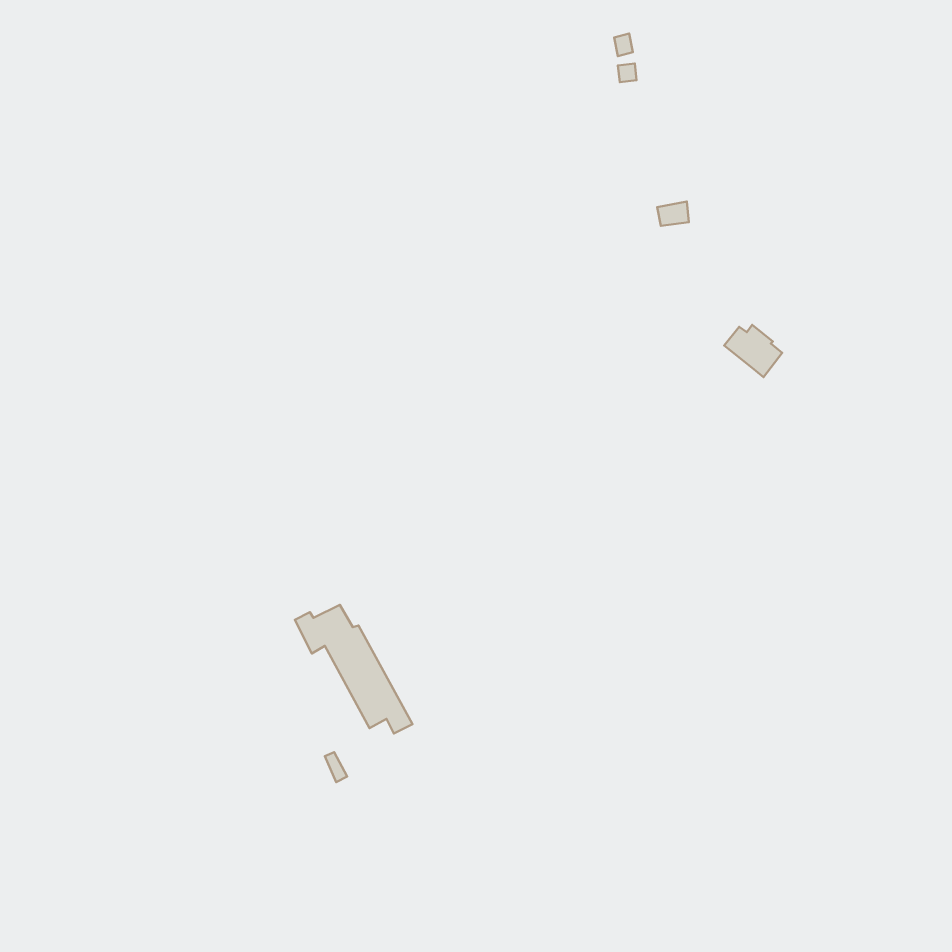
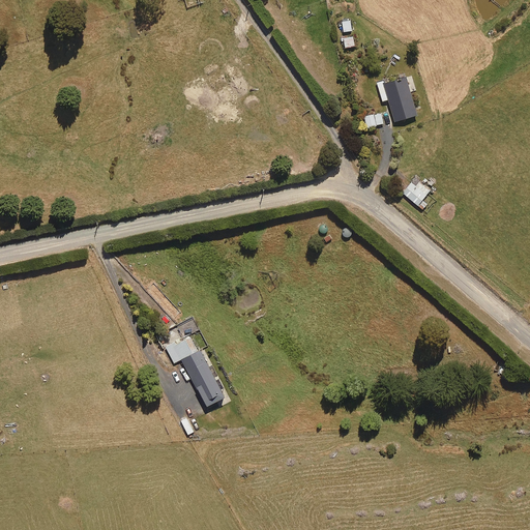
building: none -> [376,76,416,121]

